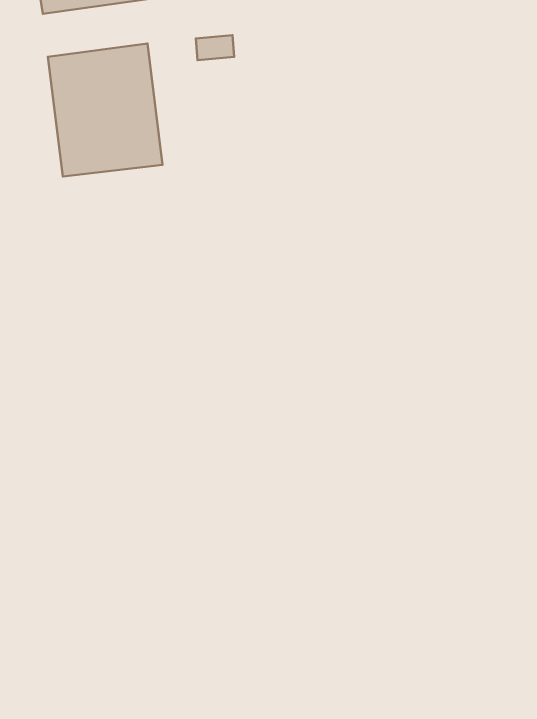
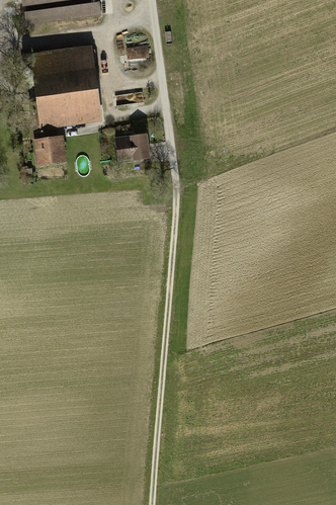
building: none -> [34,135,60,164]
building: none -> [116,135,148,160]

